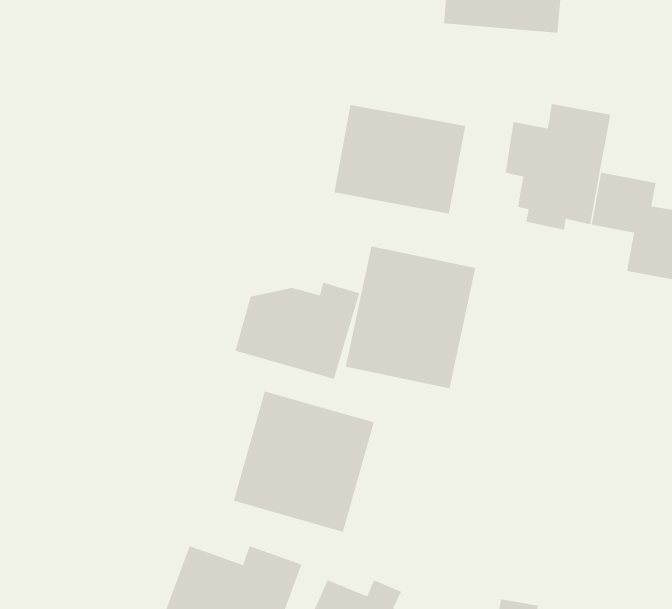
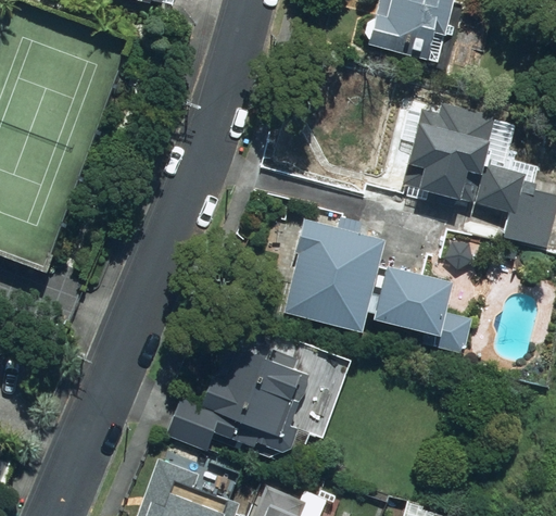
building: [333,104,466,214] -> none
building: [234,282,360,380] -> none
building: none -> [376,265,476,355]

